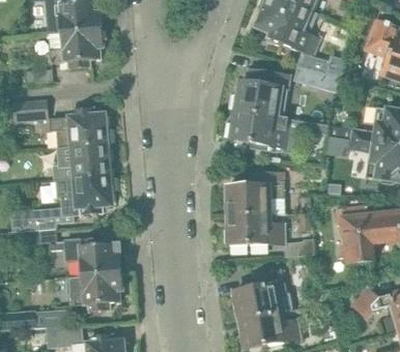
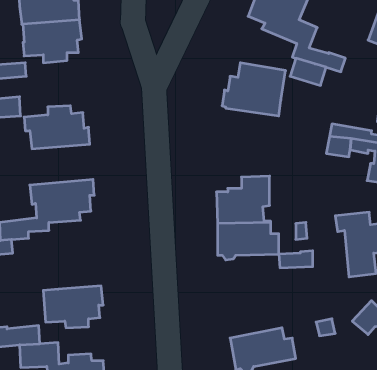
building: [228,111,327,154] -> none
building: [54,144,114,181] -> none
building: [65,238,121,276] -> none
building: [234,271,292,321] -> none

